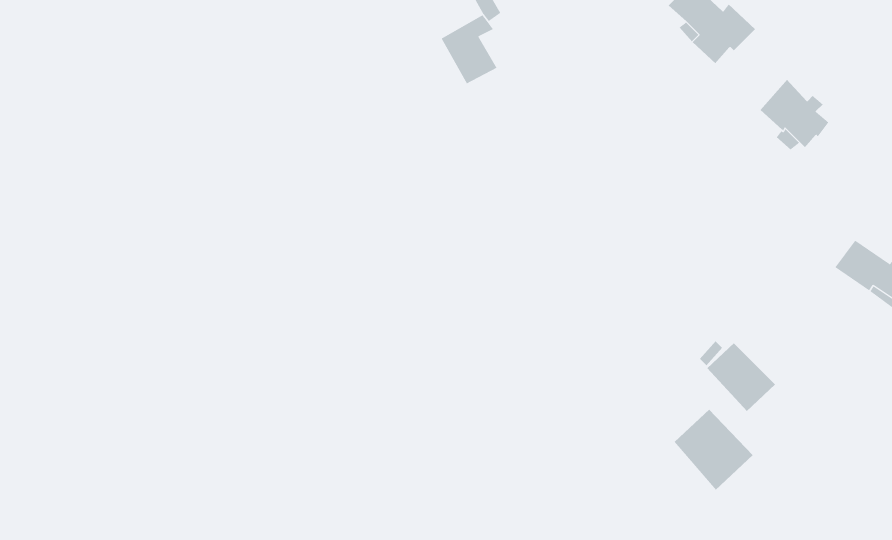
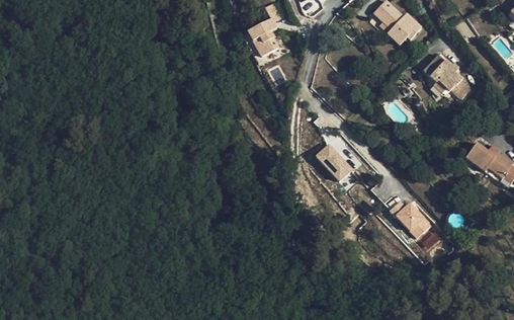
building: none -> [316,141,352,180]
building: [674,409,754,490] -> none

